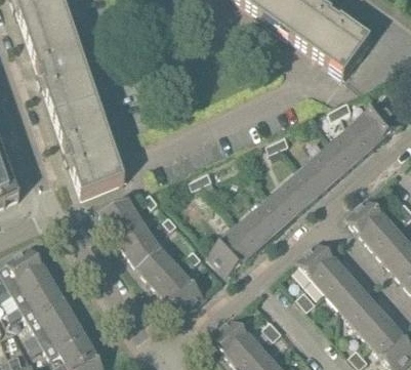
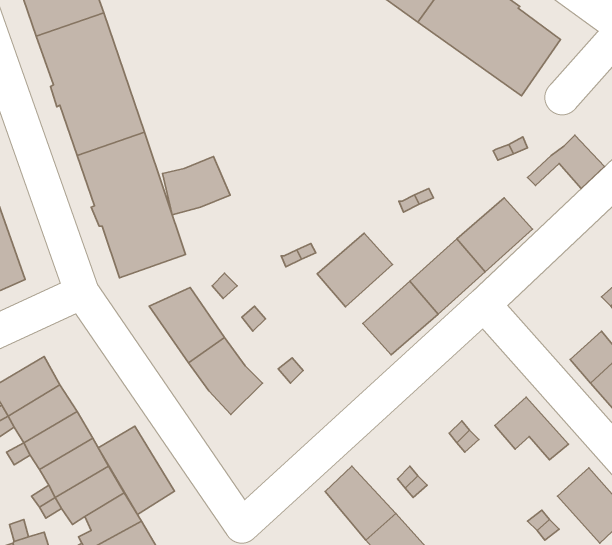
building: none -> [162,157,230,215]
building: [332,119,382,162] -> none
building: [347,197,396,247] -> none
building: [209,223,258,272] -> [317,233,393,307]
building: [298,241,346,290] -> none
building: [154,262,204,315] -> none
building: none -> [98,426,174,514]
building: [339,297,387,336] -> none

